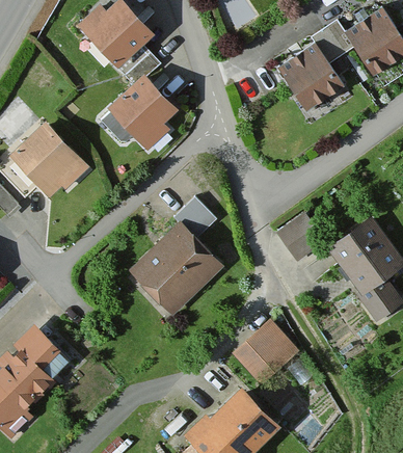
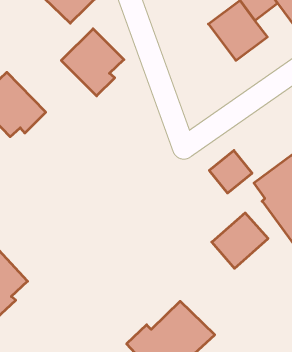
building: [128,197,222,317] -> none
building: [231,321,295,384] -> [212,213,268,268]

